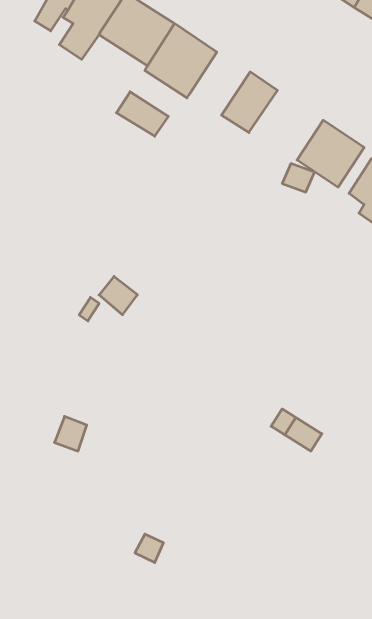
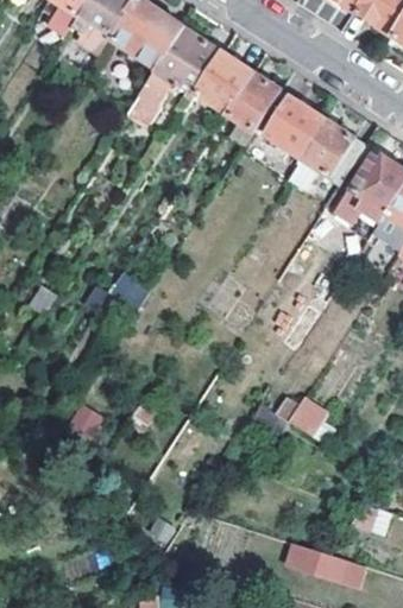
building: none -> [197,53,256,114]
building: none -> [265,96,326,157]
building: none -> [282,539,366,588]

